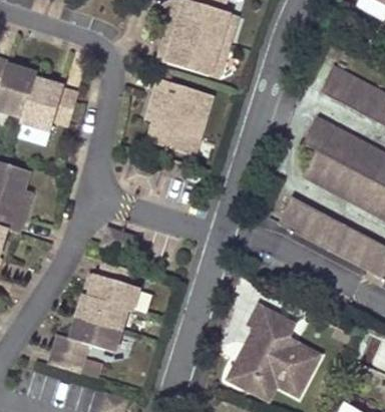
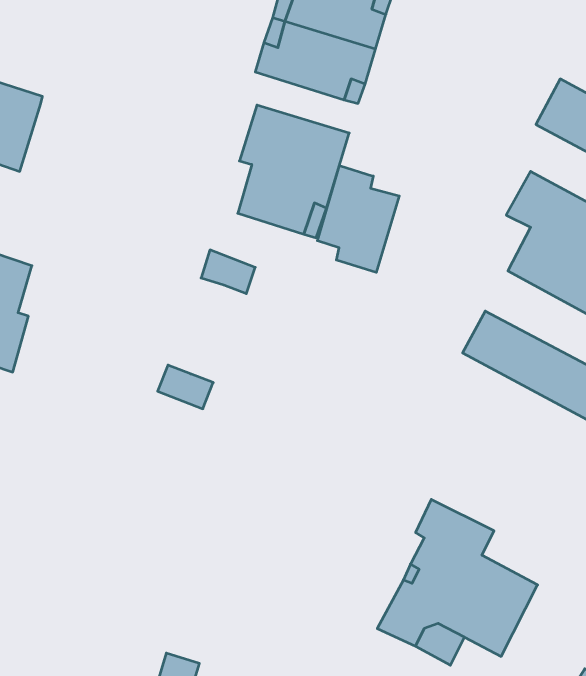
building: [20,78,77,130] -> none
building: none -> [317,166,399,272]
building: [49,262,137,373] -> none

